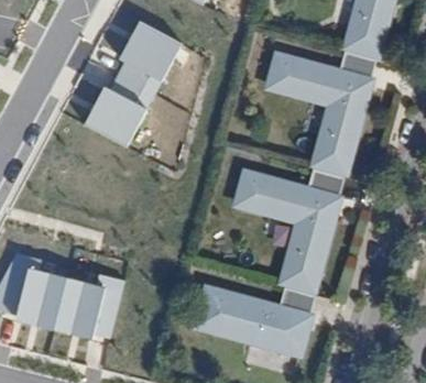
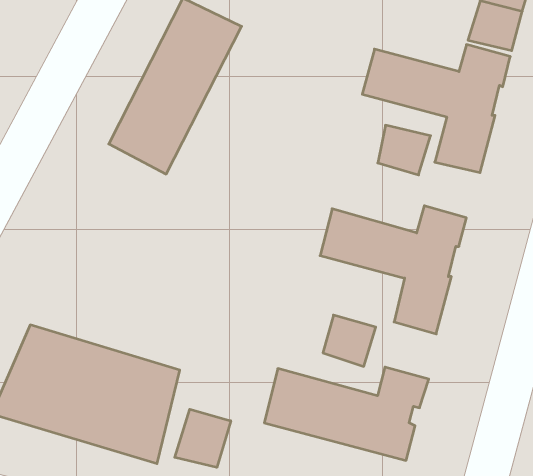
building: [316,136,354,173] -> [378,125,431,175]
building: [284,253,323,291] -> [323,315,376,366]
building: none -> [175,409,231,467]

